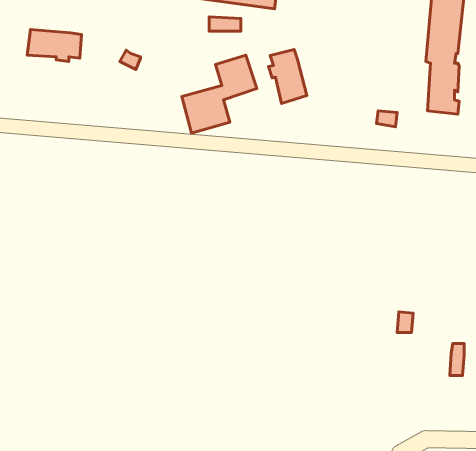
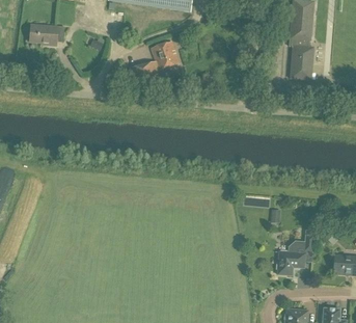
building: [269,49,307,103] -> none
building: none -> [276,250,305,274]

